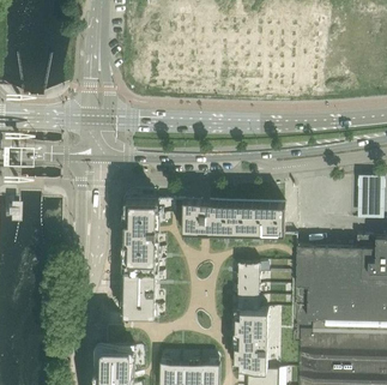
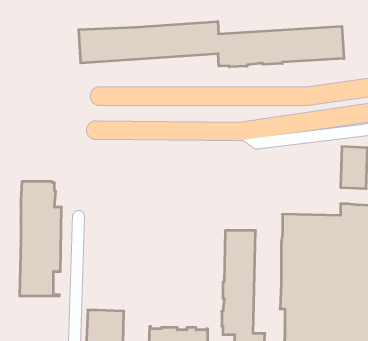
building: none -> [79,21,344,67]
building: [125,199,168,317] -> [20,182,62,296]
building: [182,200,285,235] -> none

